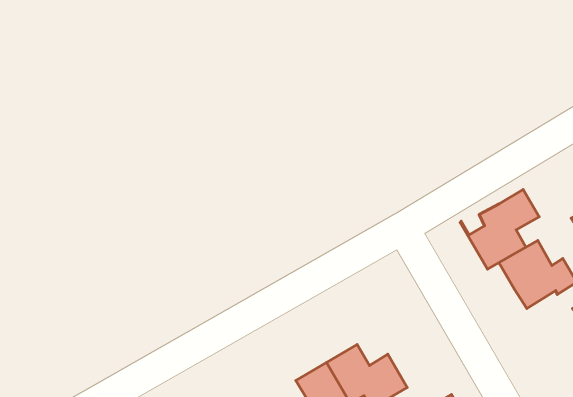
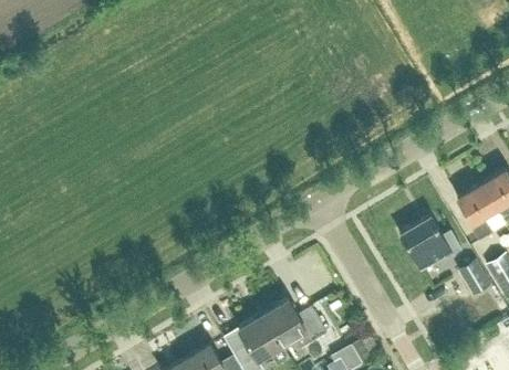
building: [460,190,539,269] -> none

